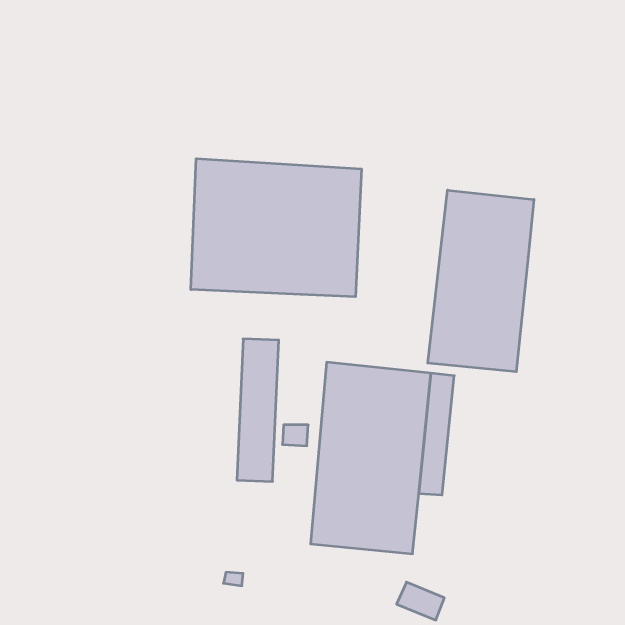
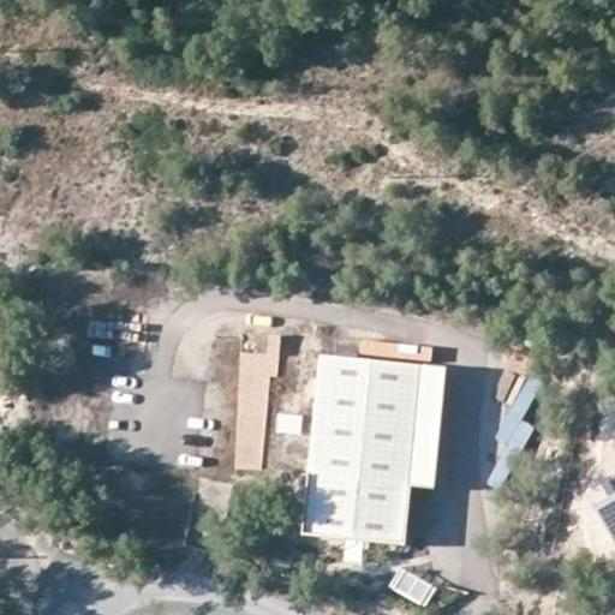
building: [191,159,361,297] -> none
building: [428,190,534,372] -> none

